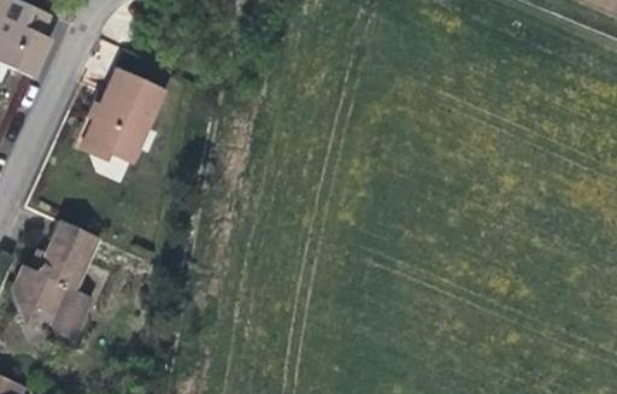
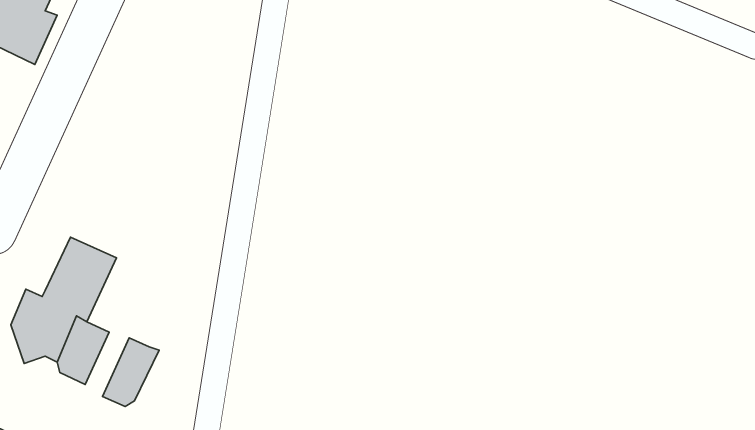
building: [89,67,165,165] -> none
building: none -> [102,338,159,407]

